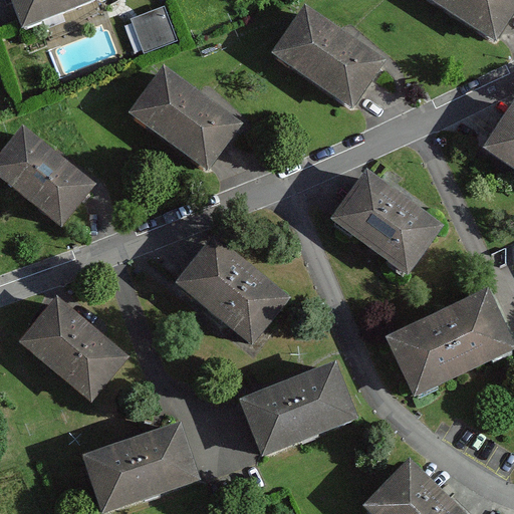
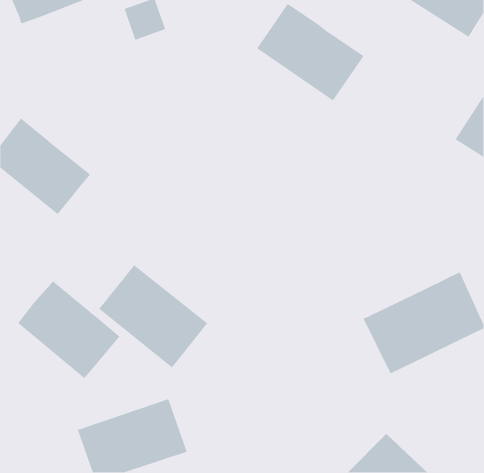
building: [127,64,243,171] -> none
building: [329,169,444,275] -> none
building: [174,234,290,344] -> [98,264,208,369]
building: [240,360,358,456] -> none

